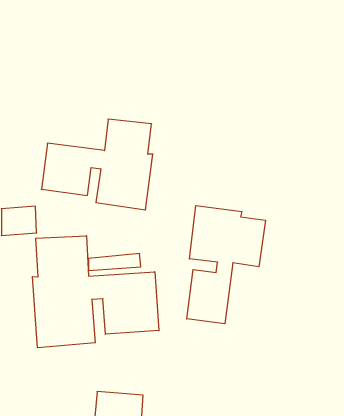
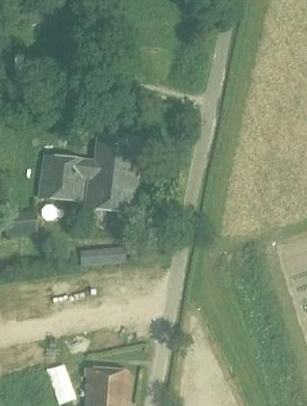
building: [187,206,265,324] -> none
building: [33,236,159,348] -> none

